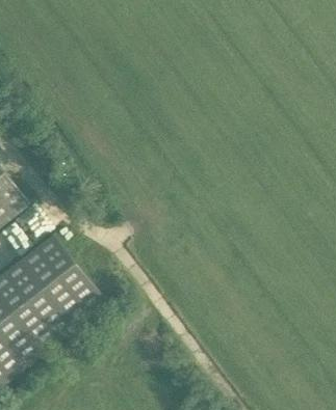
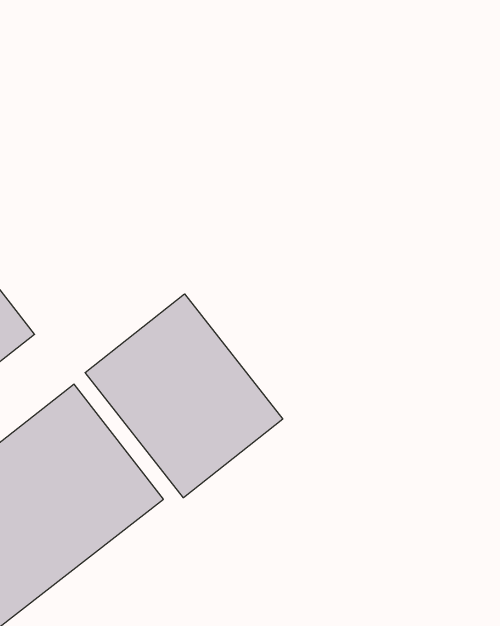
building: none -> [85,294,283,498]

